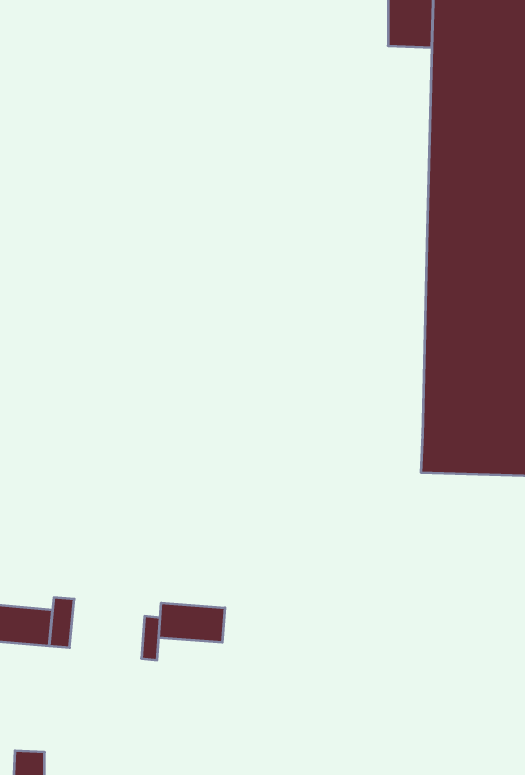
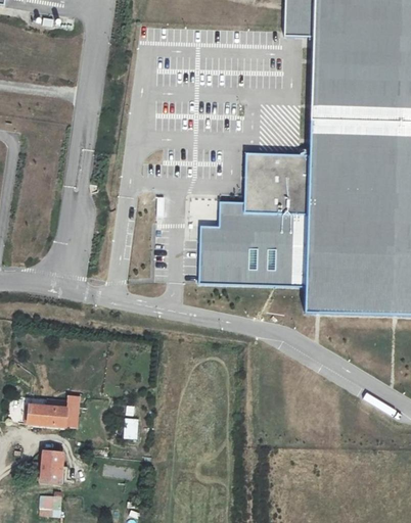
building: none -> [199,152,311,287]
building: [159,603,225,642] -> none
building: none -> [40,447,63,483]

